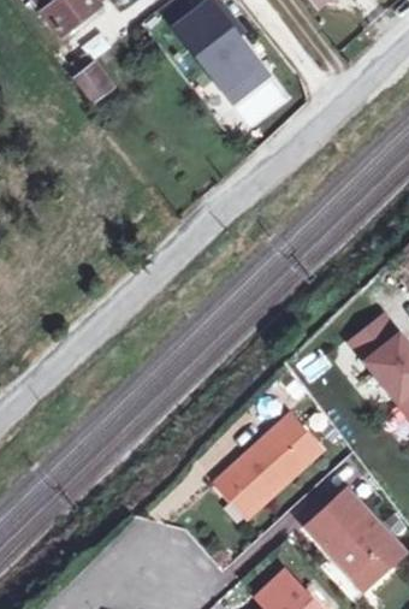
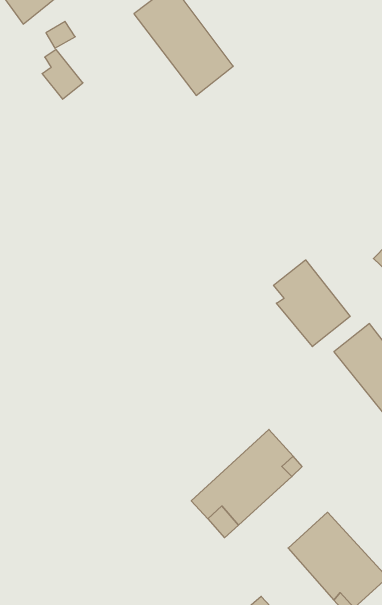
building: none -> [274,260,350,347]

